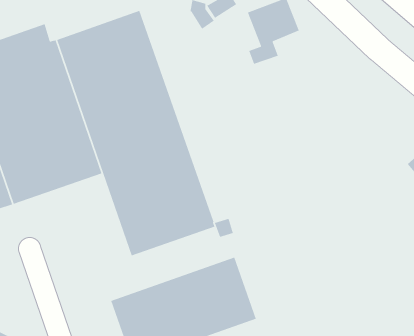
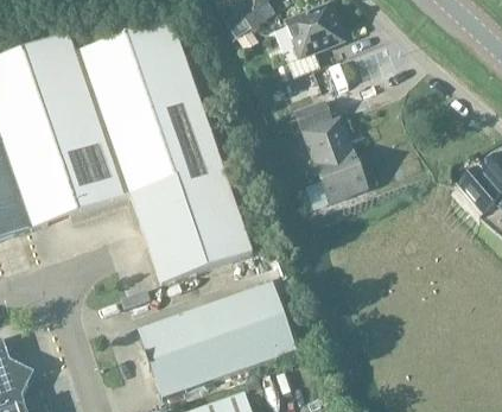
building: none -> [294,100,366,201]

